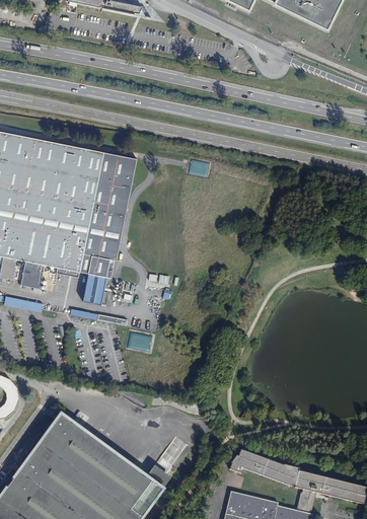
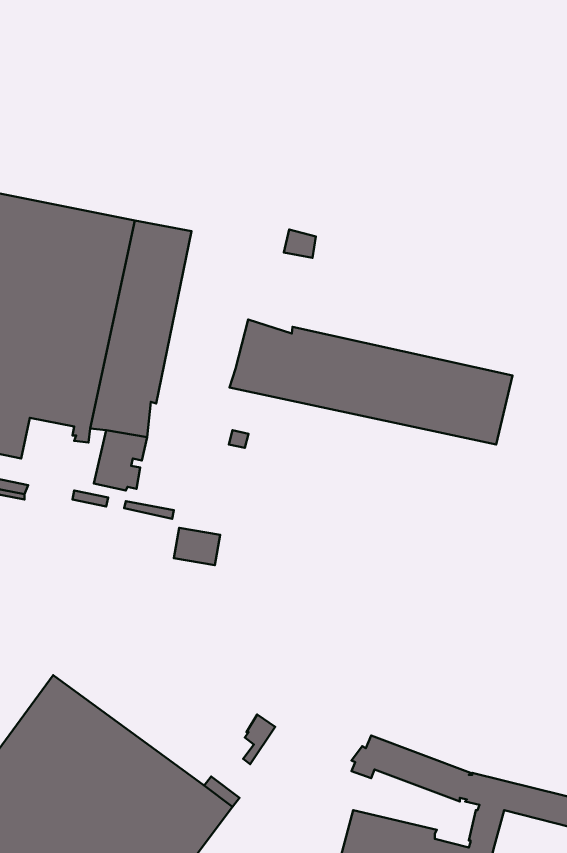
building: none -> [230,319,513,444]

